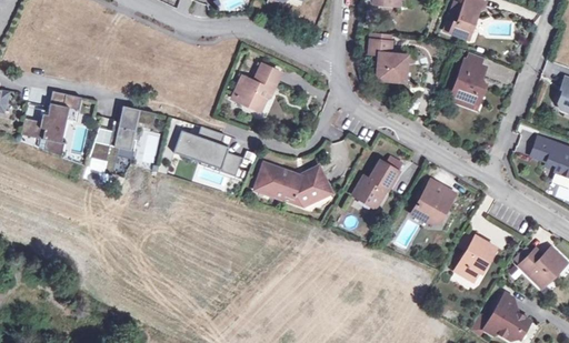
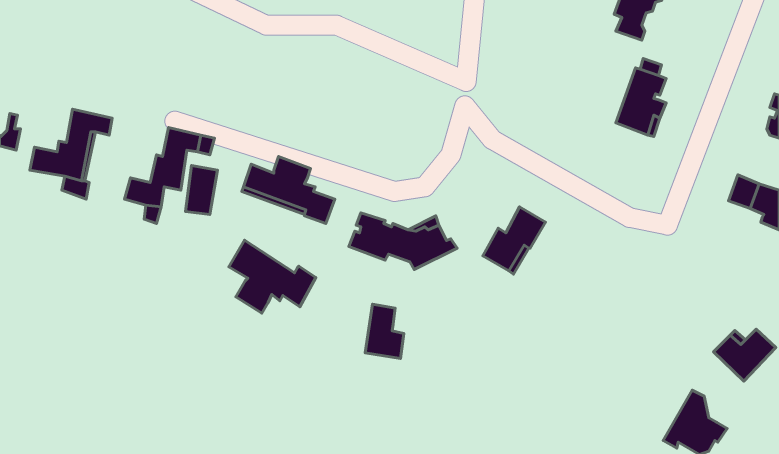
building: [369,40,407,81] -> none
building: [231,64,280,111] -> none
building: [411,181,455,222] -> none
building: none -> [229,240,316,313]
building: none -> [365,304,404,359]
building: [455,235,496,281] -> none

